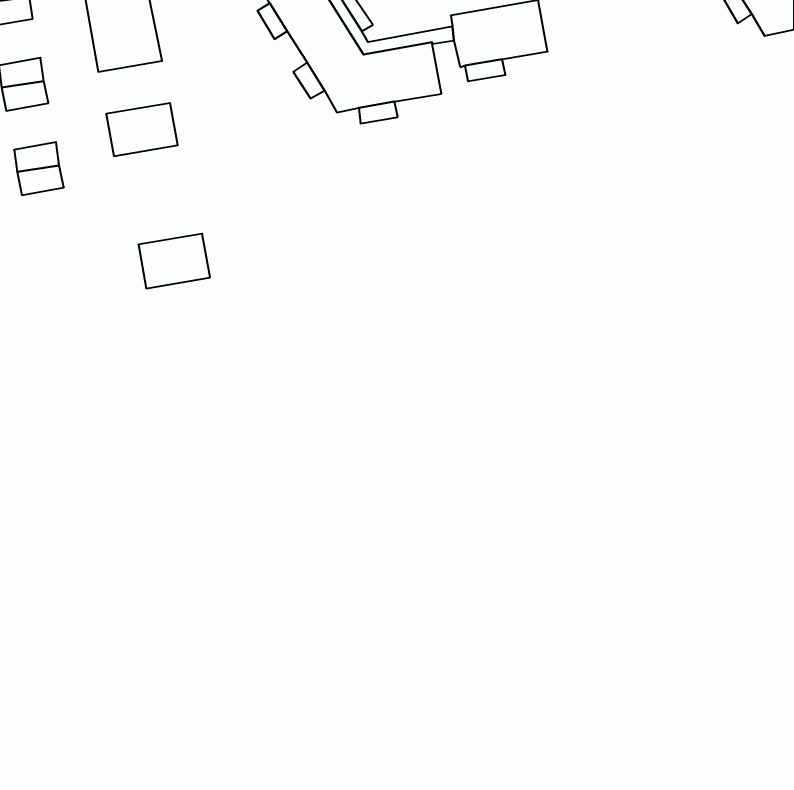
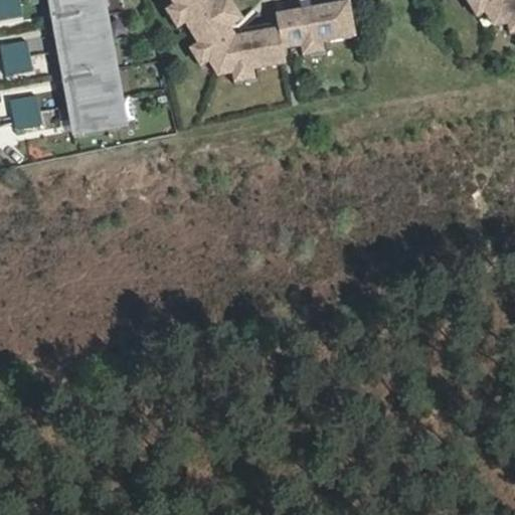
building: none -> [63,39,110,73]
building: [138,234,210,288] -> [73,94,120,129]

